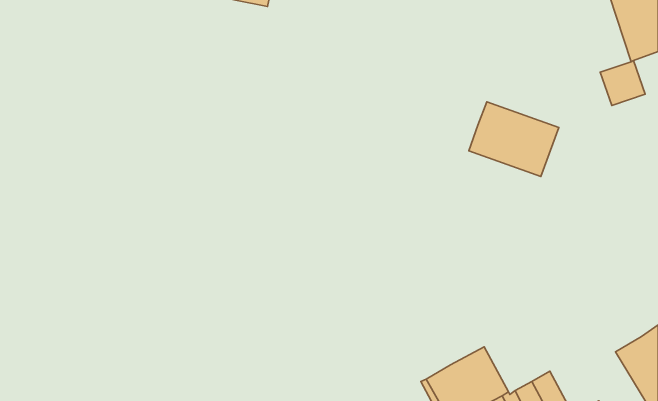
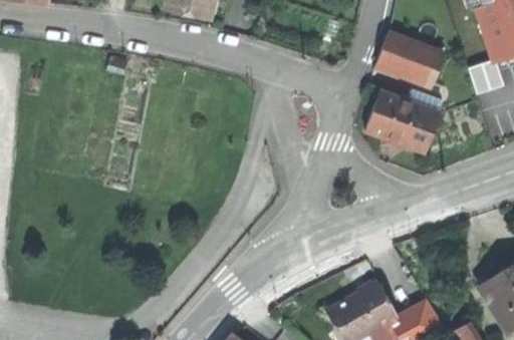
building: none -> [377,31,444,81]

